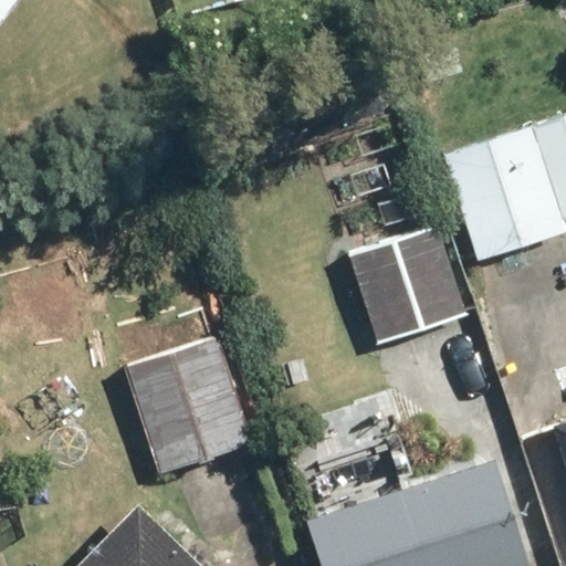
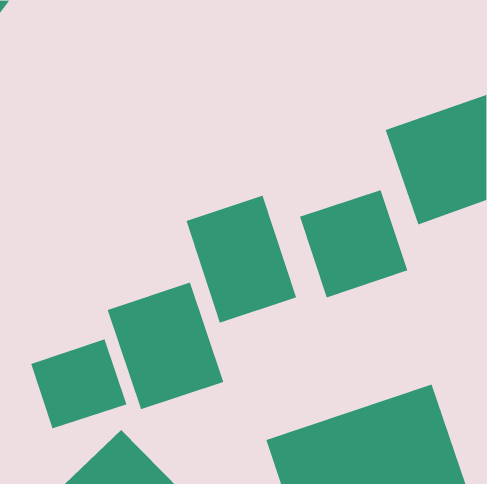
building: none -> [186,195,297,324]
building: none -> [31,339,127,429]

